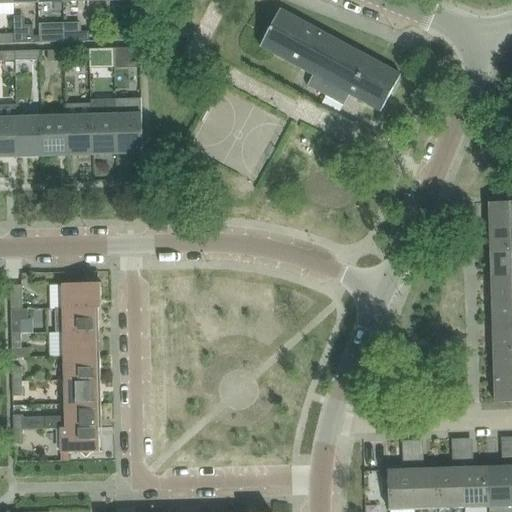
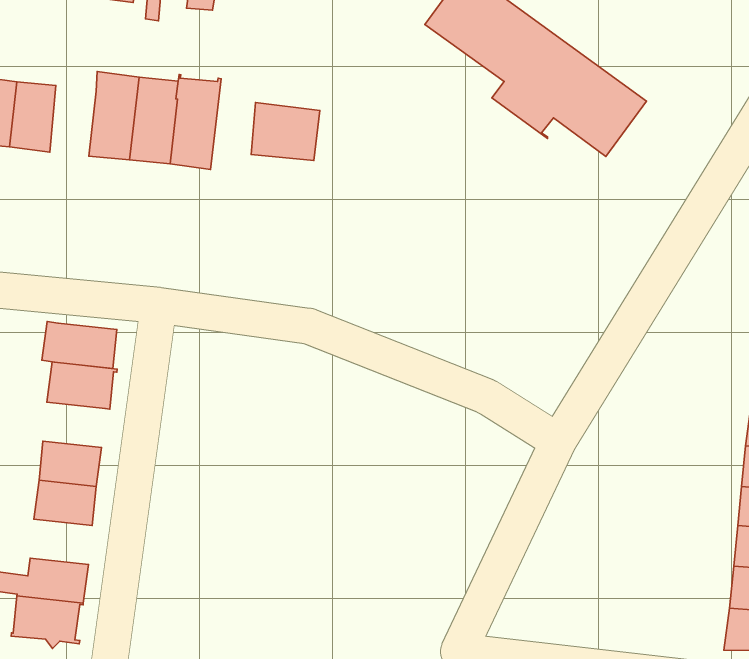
building: none -> [251,102,320,161]
building: [41,114,67,155] -> none
building: [55,306,99,331] -> [42,321,117,368]
building: [64,378,101,403] -> none

